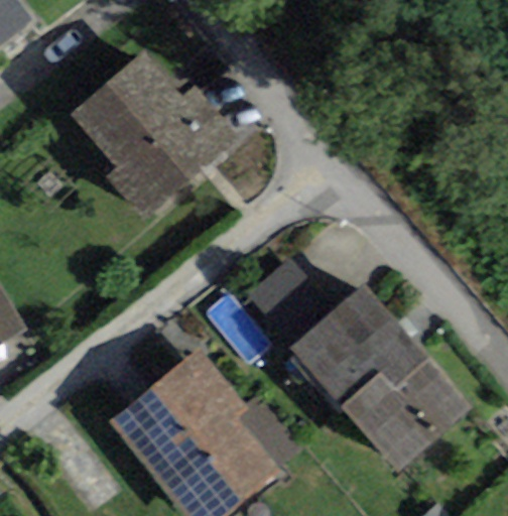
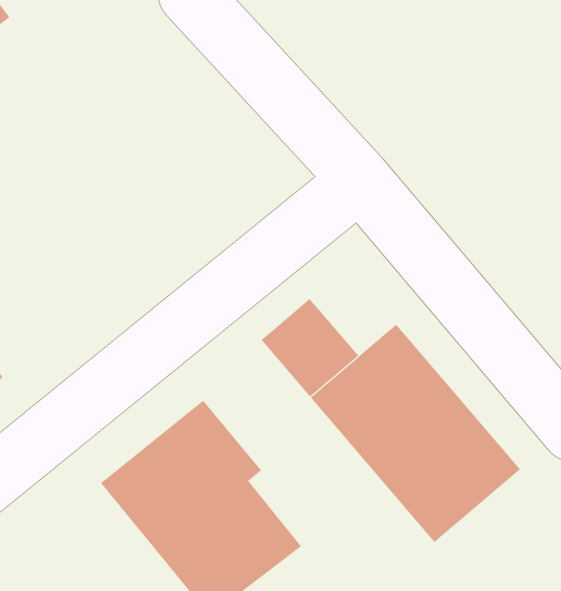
building: [70,52,236,219] -> none

